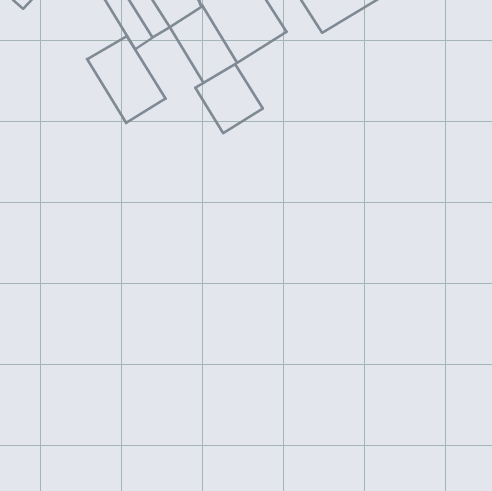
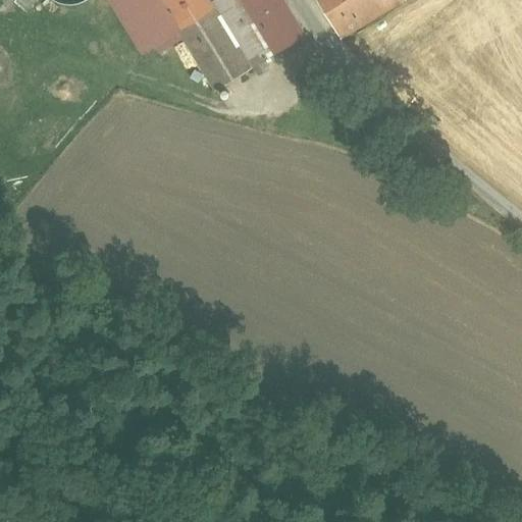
building: [87,36,166,123] -> none
building: [195,64,263,133] -> none

